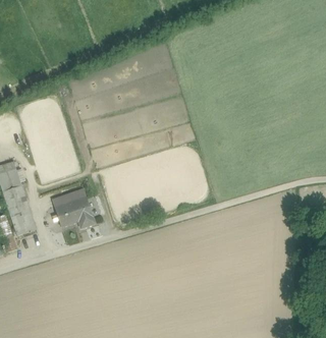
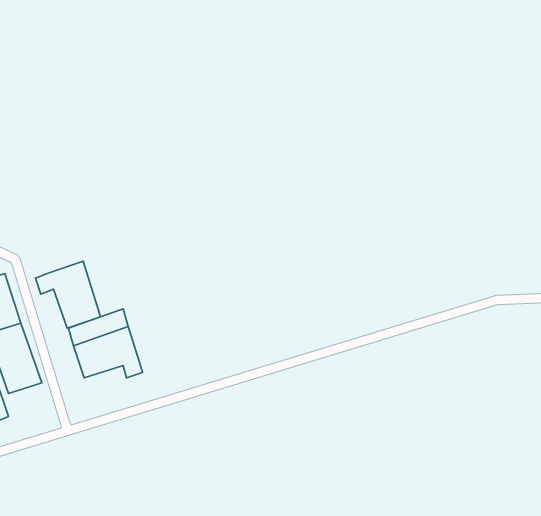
building: none -> [36,261,101,328]

